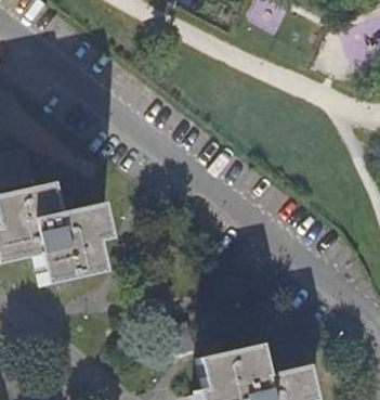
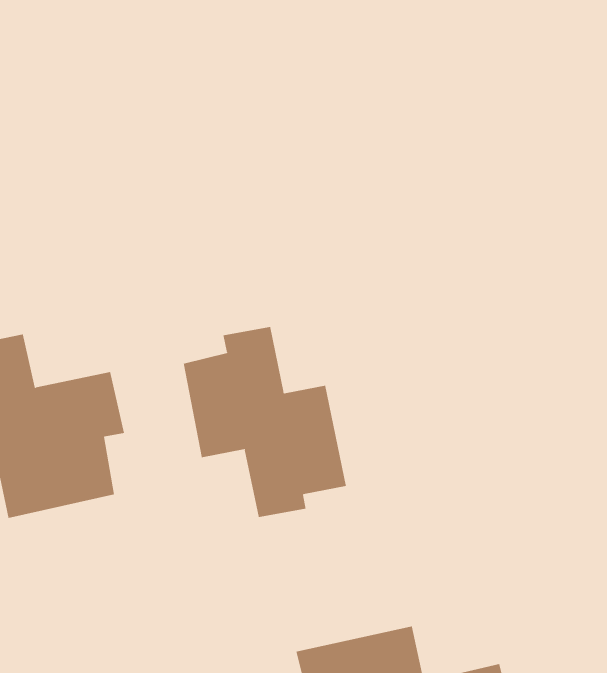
building: none -> [183,326,346,518]

